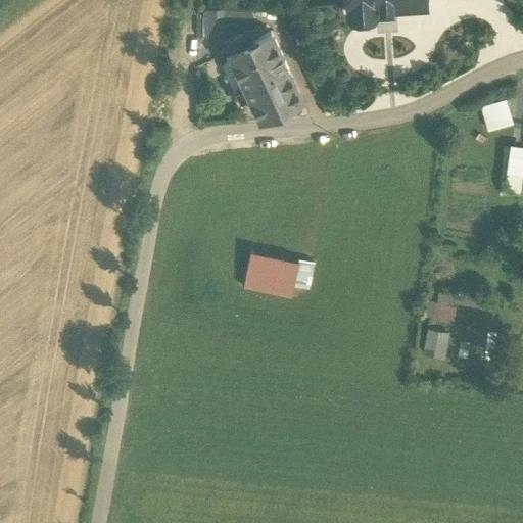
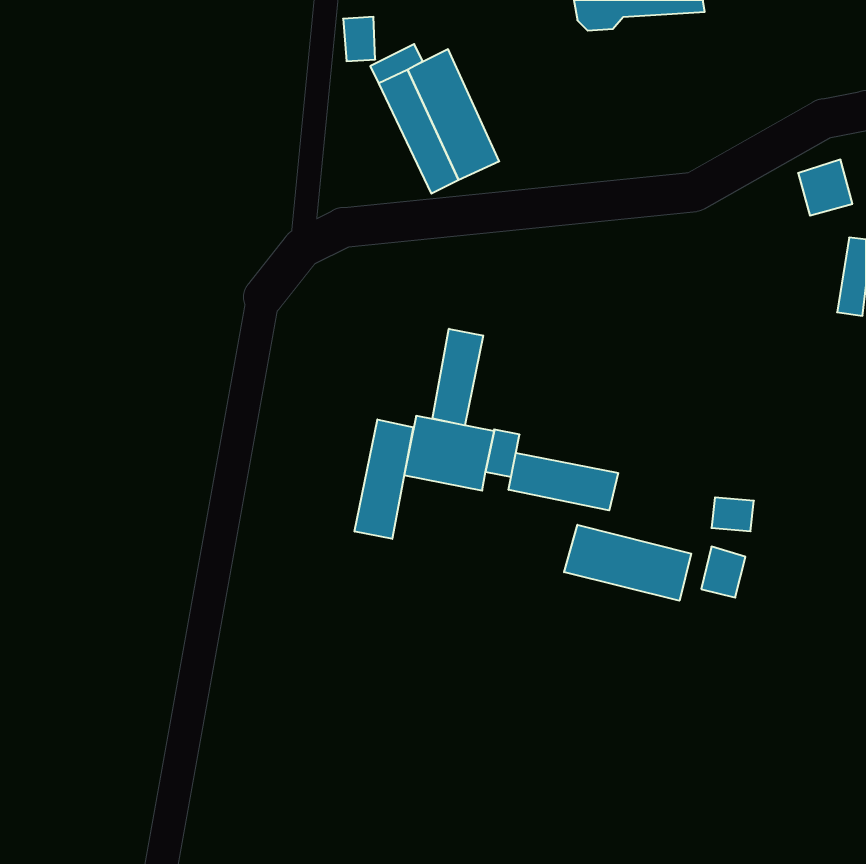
building: none -> [432,329,483,425]
building: none -> [355,419,413,539]
building: none -> [509,453,618,510]
building: none -> [564,525,691,601]

